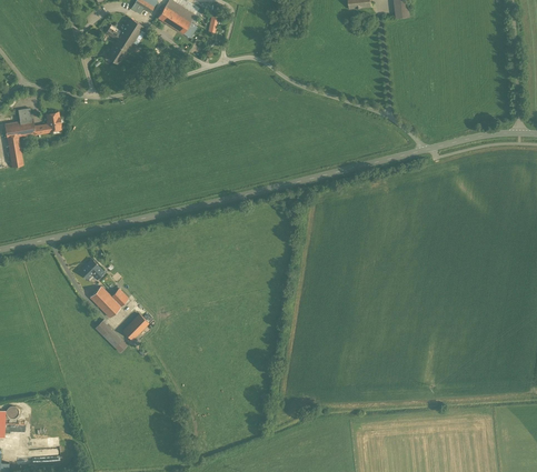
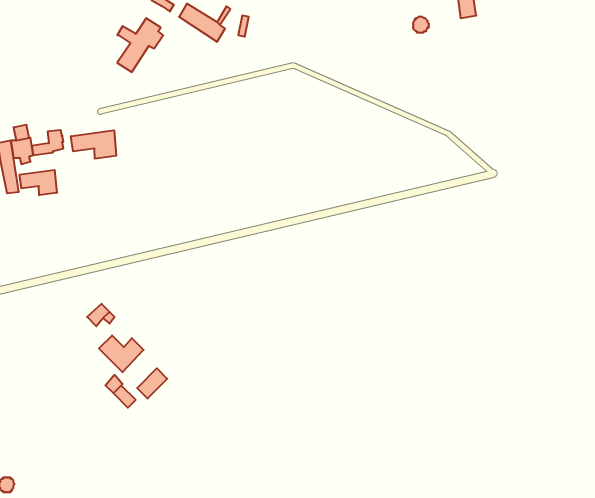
building: none -> [71,130,116,159]
building: none -> [20,170,57,195]

